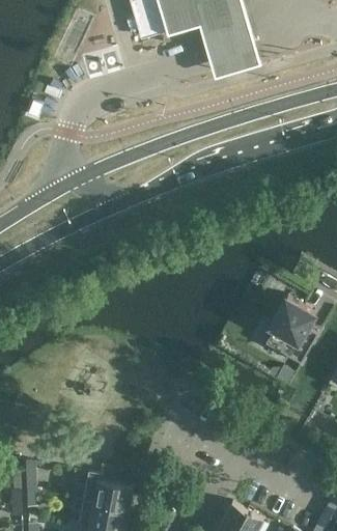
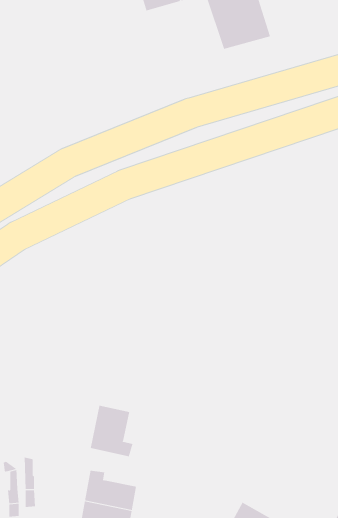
building: [261,304,314,367] -> none
building: none -> [90,405,133,457]

